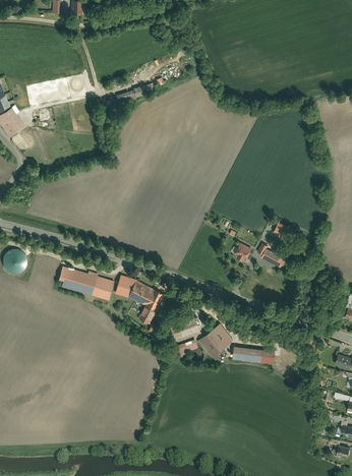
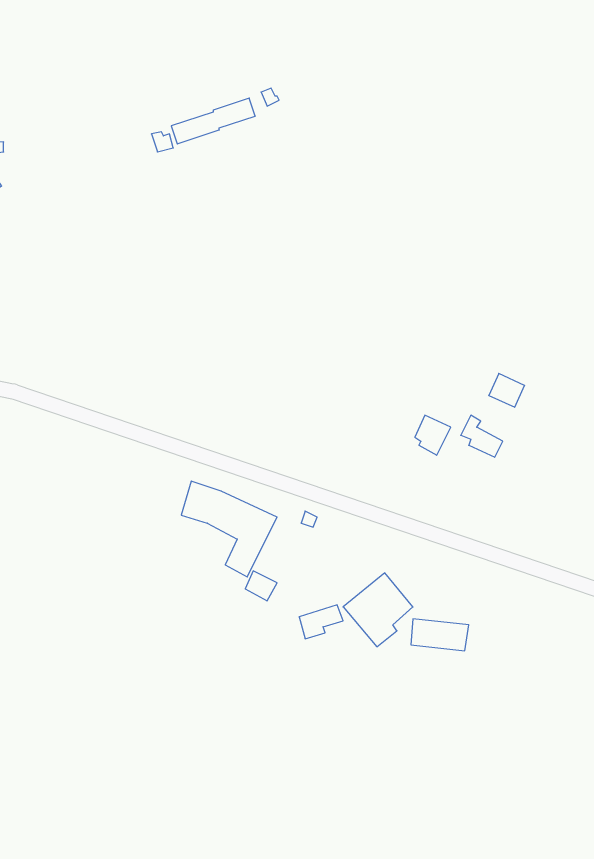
building: [59,266,114,301] -> none
building: [169,314,199,341] -> none

